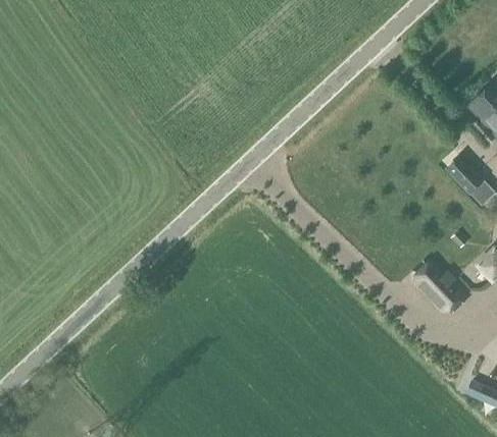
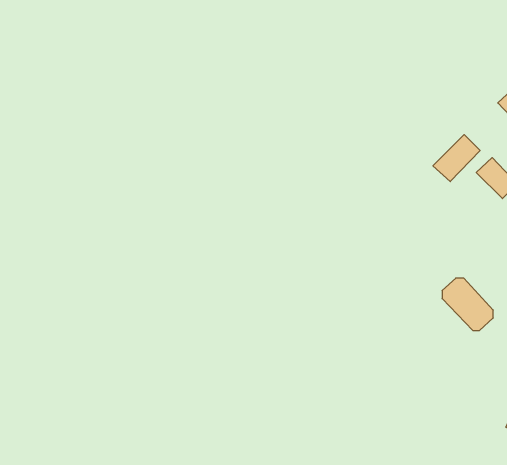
building: none -> [433,135,480,182]

